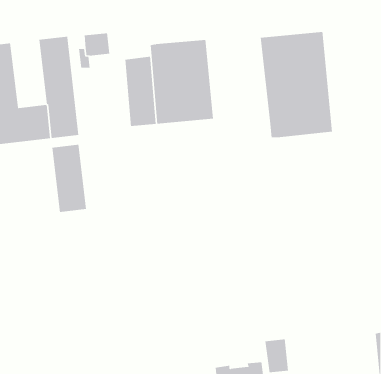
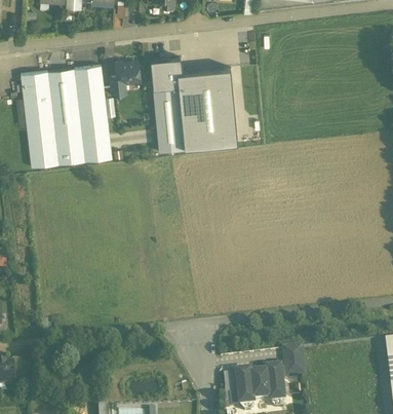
building: none -> [150,54,182,83]
building: [260,31,332,138] -> none
building: [51,144,87,212] -> [47,65,80,128]

